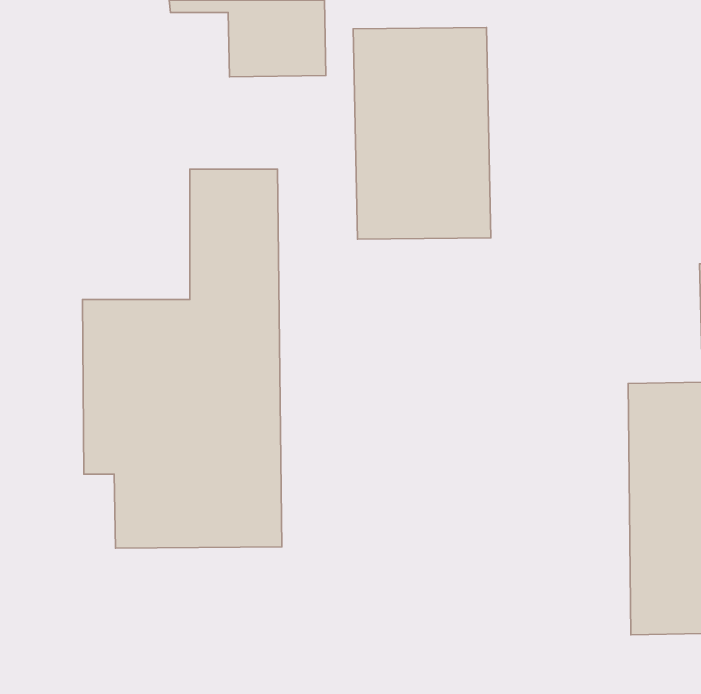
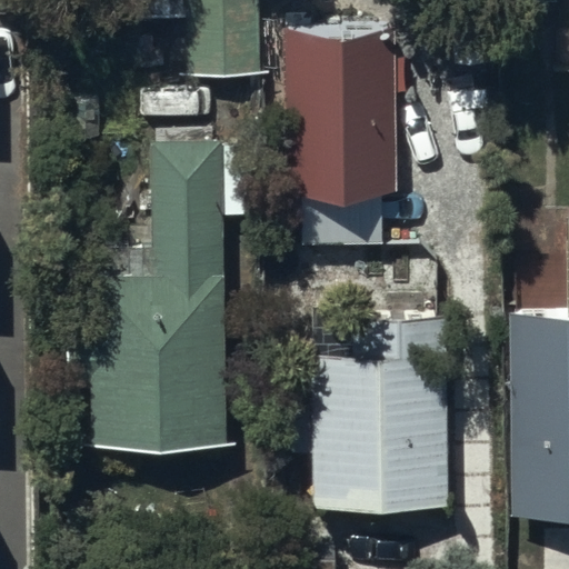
building: none -> [288,326,447,512]

